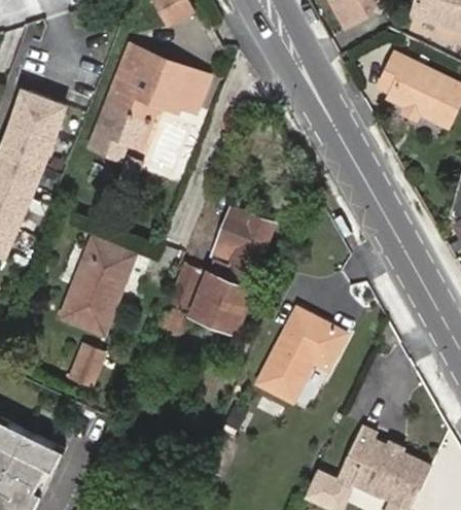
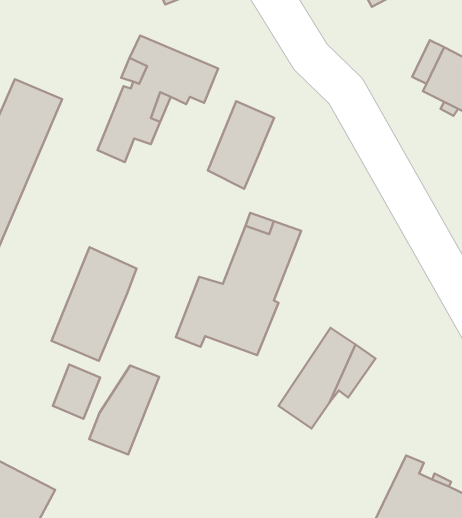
building: none -> [208,101,274,189]
building: none -> [89,365,159,454]

